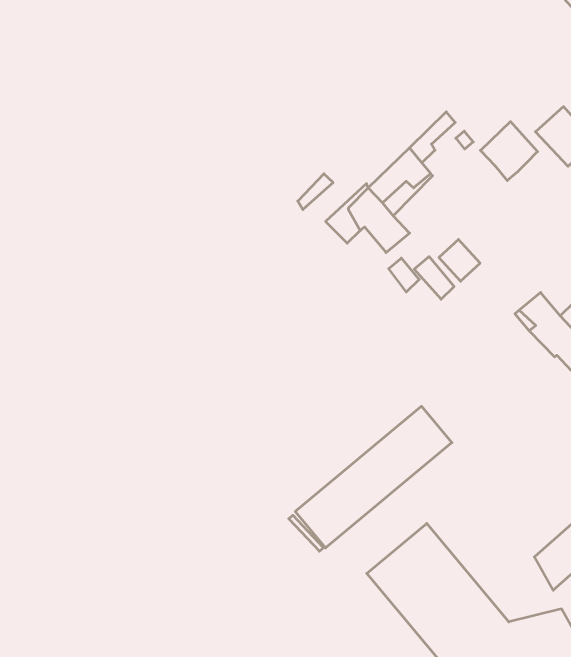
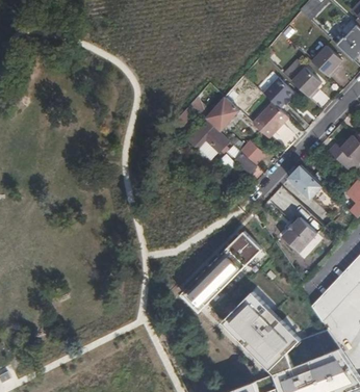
building: none -> [252,101,288,137]
building: none -> [282,217,316,252]

